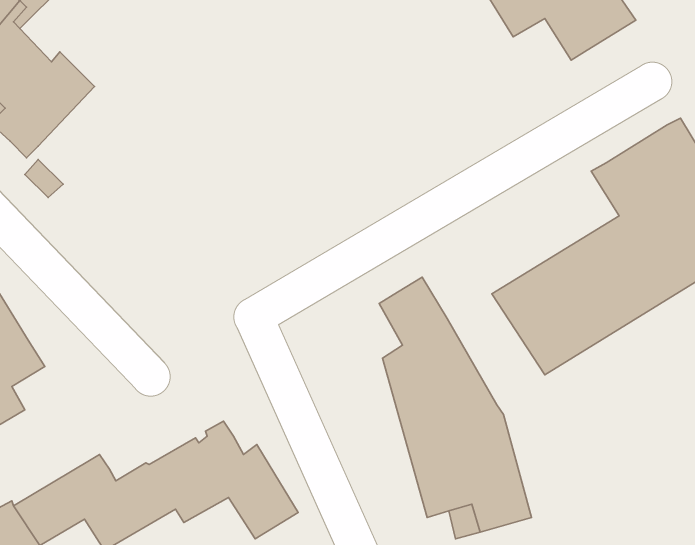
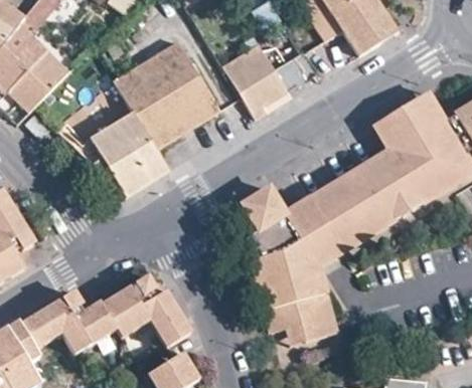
building: none -> [78,41,219,197]
building: none -> [222,43,314,119]
building: none -> [283,196,342,263]

